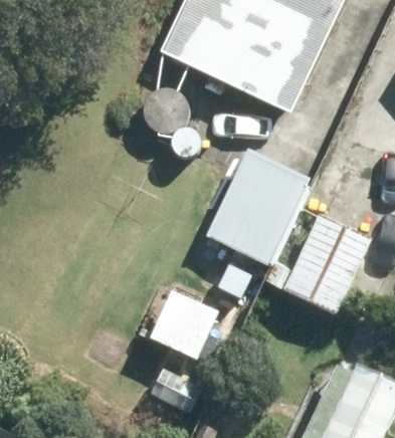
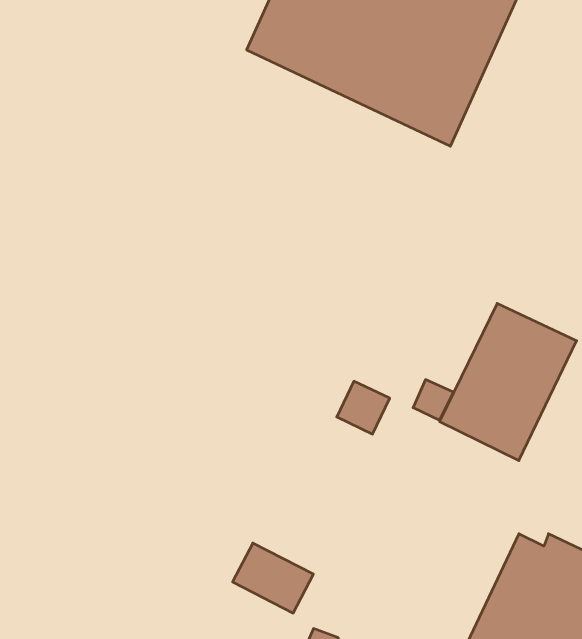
building: [207,148,310,263] -> none

